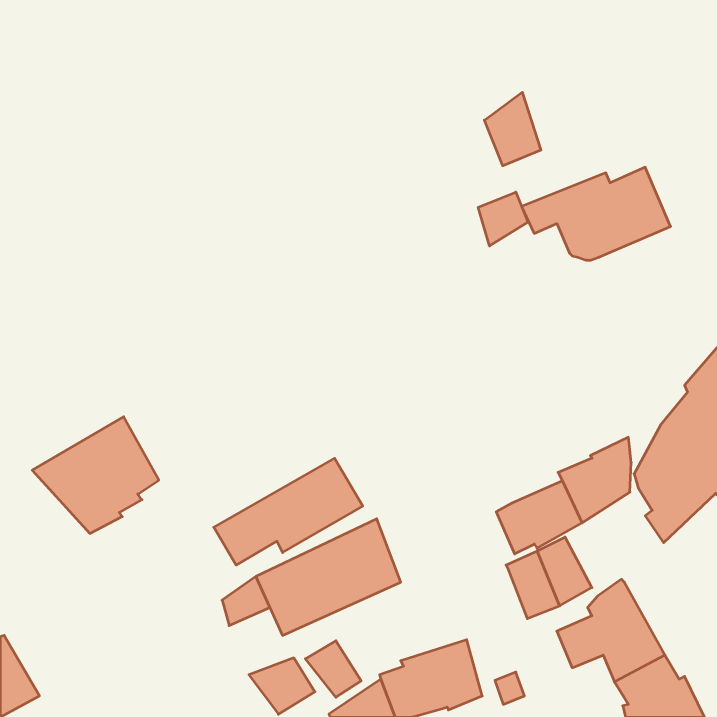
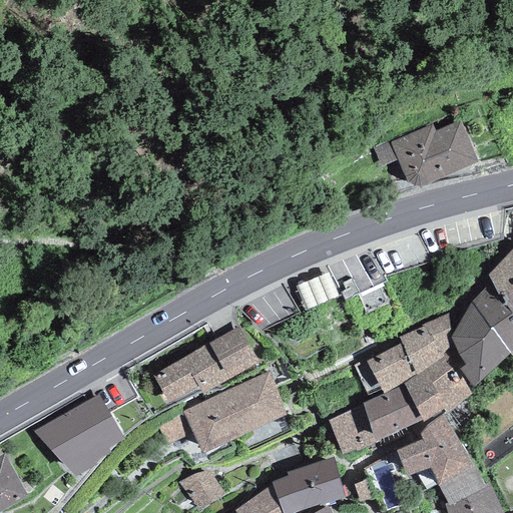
building: [484,92,541,166] -> none
building: [478,192,528,246] -> none
building: [32,417,159,533] -> [34,393,124,476]
building: none -> [404,355,472,421]
building: none -> [329,405,377,453]
building: [305,641,361,697] -> none

